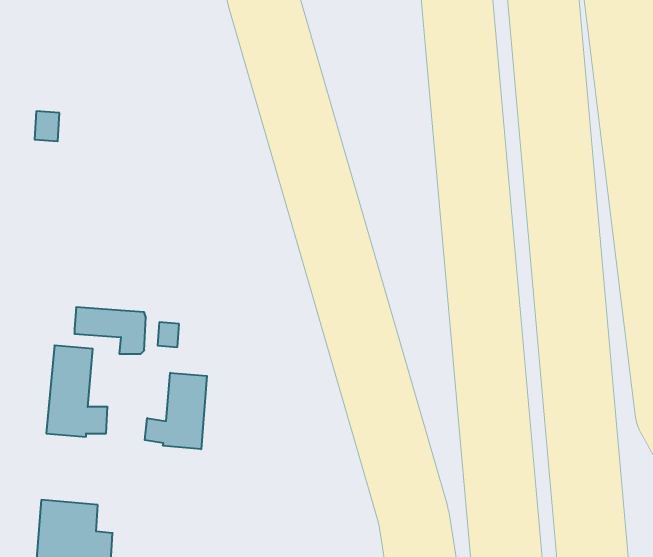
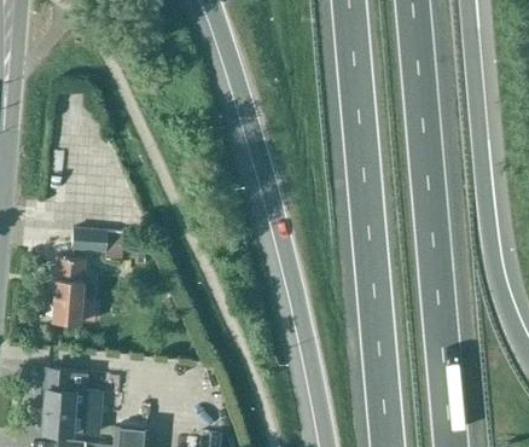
building: [145,373,207,449] -> none

